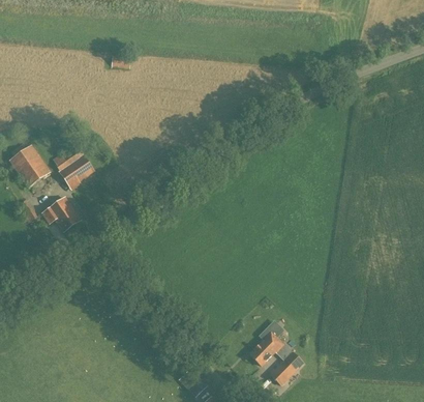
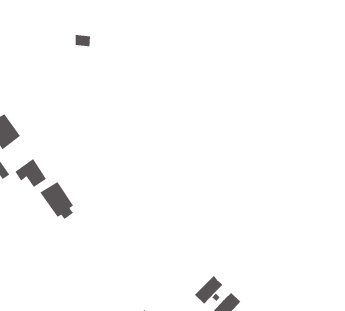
building: [52,143,94,190] -> none
building: none -> [40,181,74,220]

